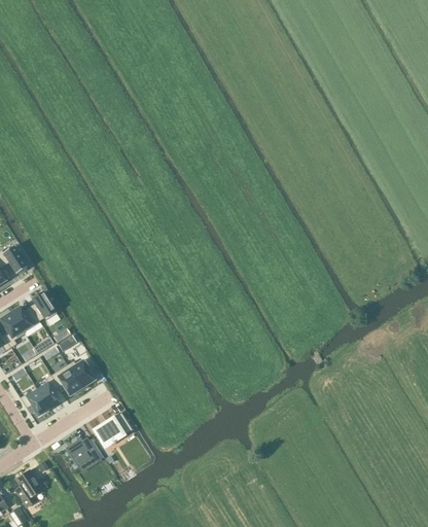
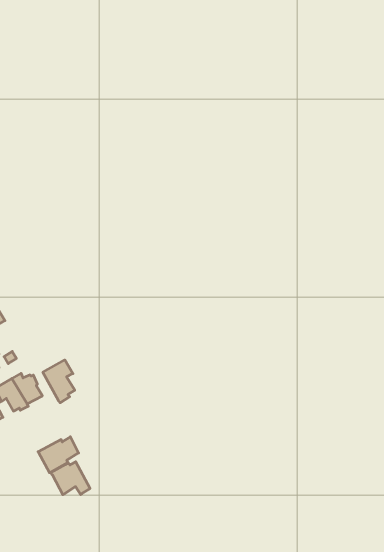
building: none -> [43,360,75,403]
building: [64,436,101,467] -> [50,462,90,495]

